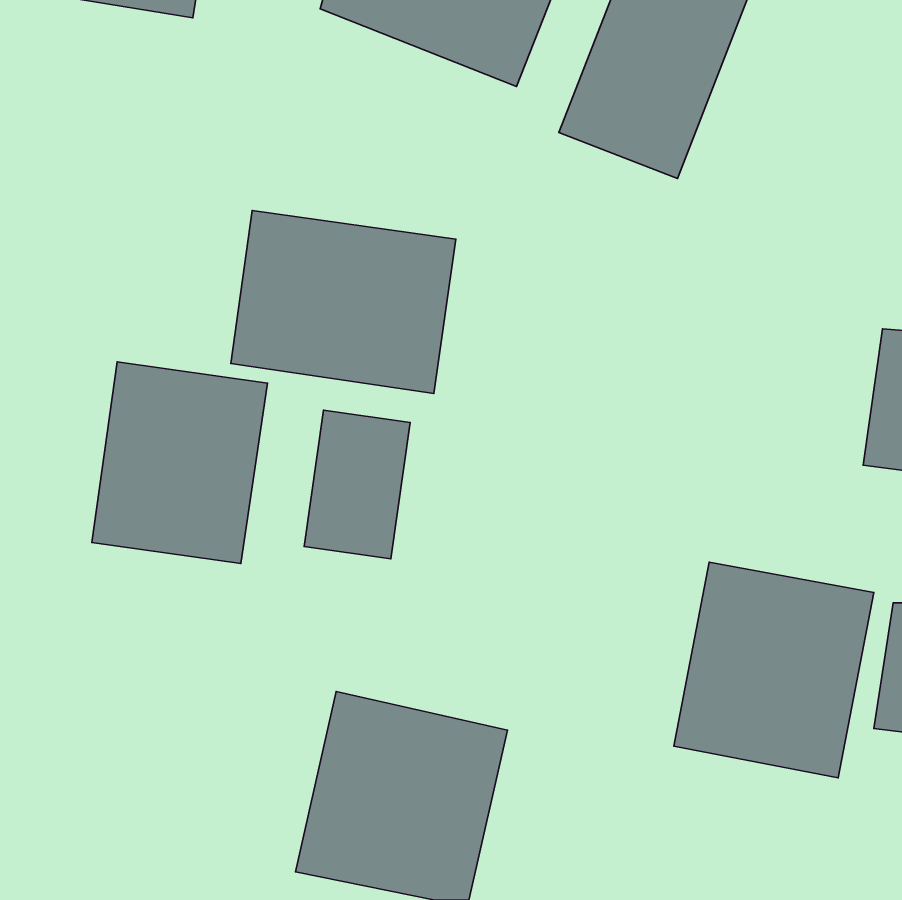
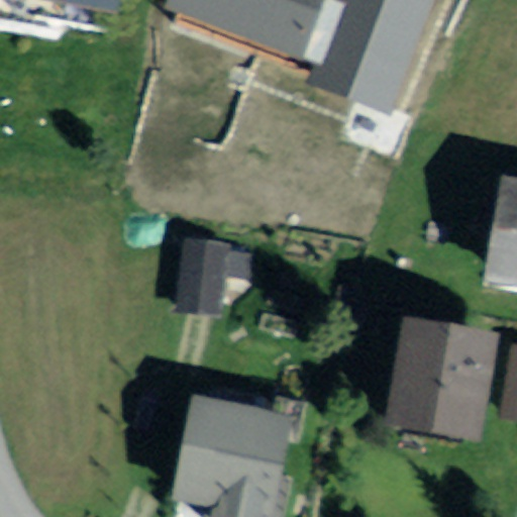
building: [231,211,456,394] -> none
building: [92,362,268,563] -> none

